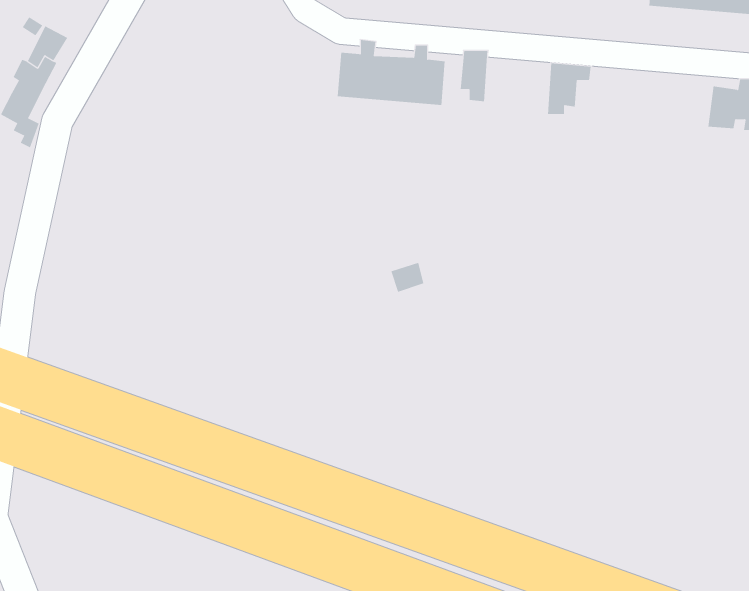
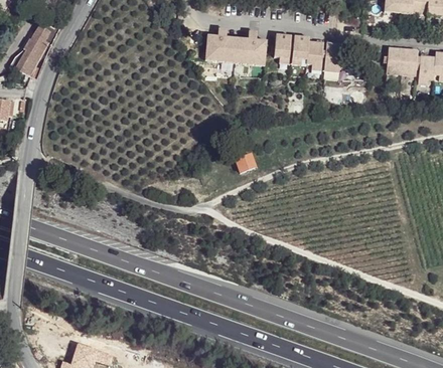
building: none -> [293,36,325,70]
building: none -> [384,46,416,74]

